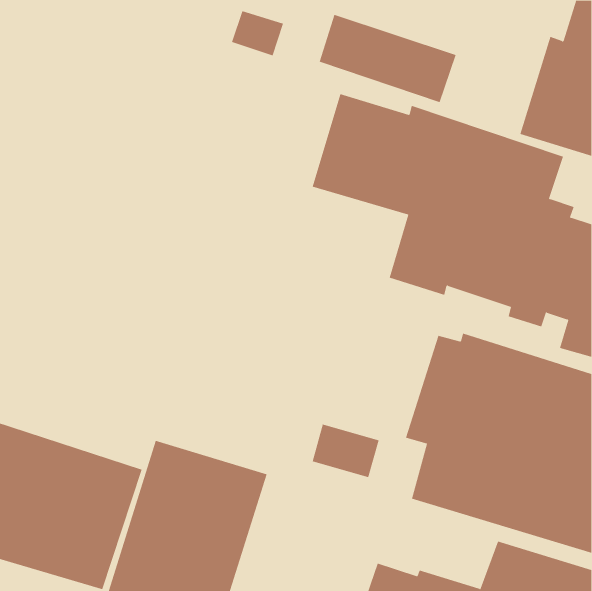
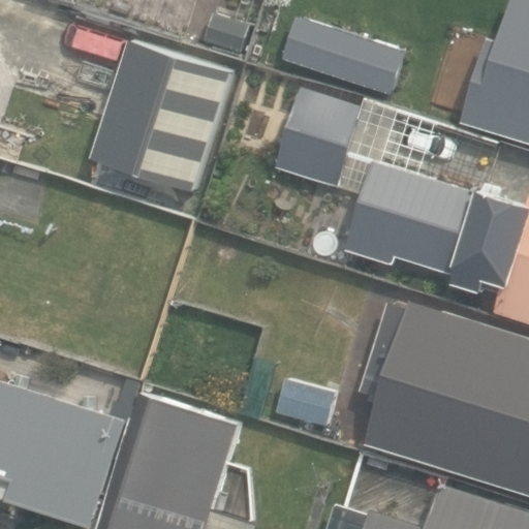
building: none -> [90,40,231,193]

